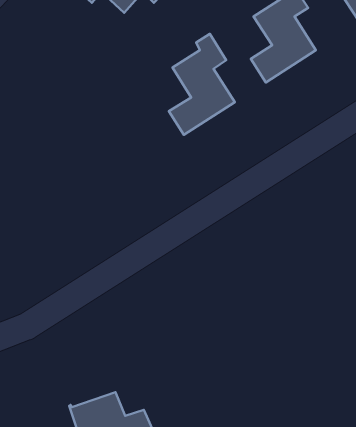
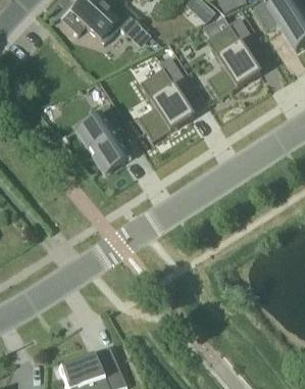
building: none -> [77,102,129,174]

